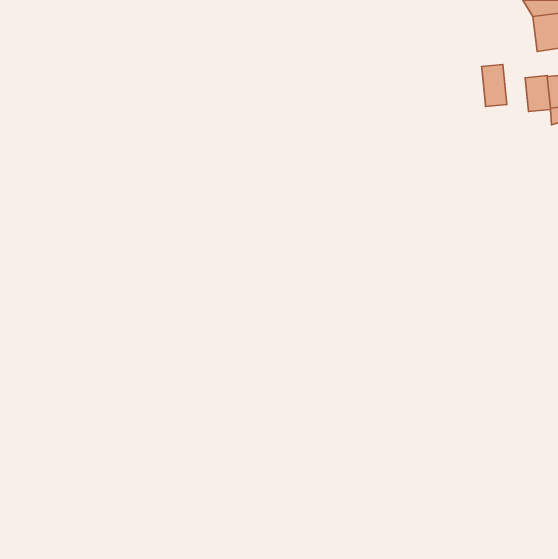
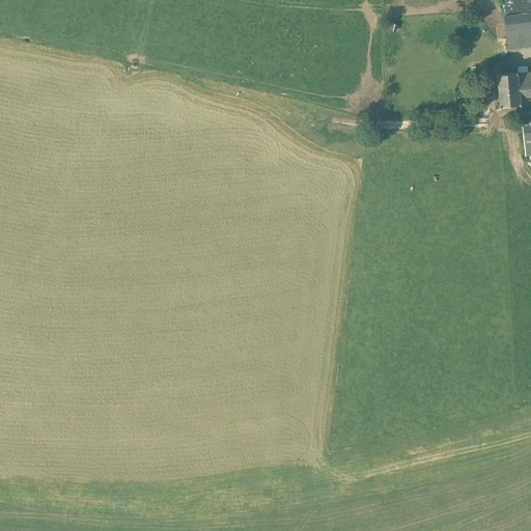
building: [482,65,507,106] -> none

